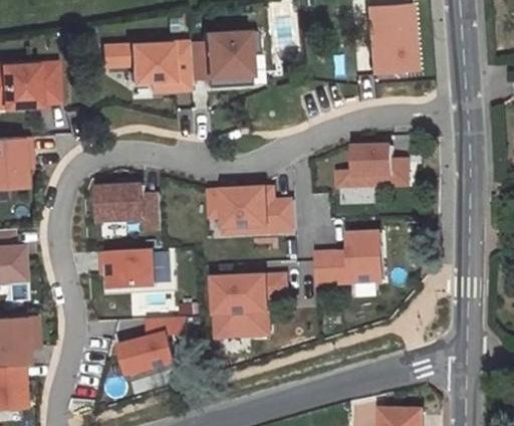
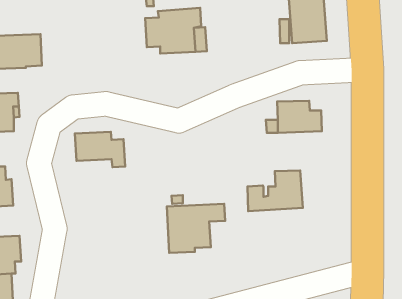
building: [100,40,189,89] -> none
building: [209,188,295,233] -> none
building: [100,249,155,288] -> none
building: [119,316,186,375] -> none

